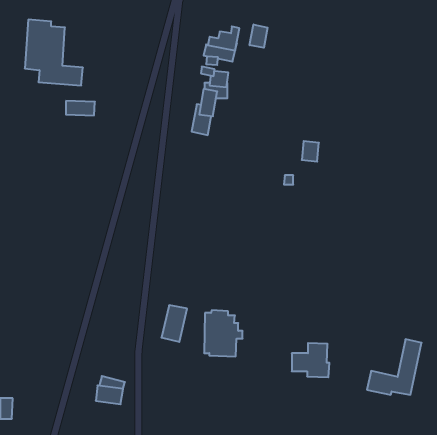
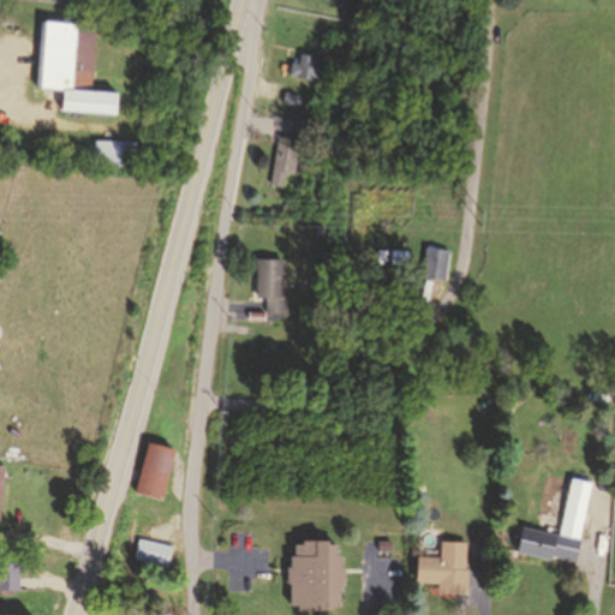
building: [250,24,268,48] -> none
building: [302,141,319,162] -> [423,246,447,275]
building: none -> [262,251,293,306]
building: [161,305,187,342] -> [138,443,174,495]
building: [204,310,243,356] -> [293,539,347,604]
building: [292,343,329,377] -> [417,543,470,591]

